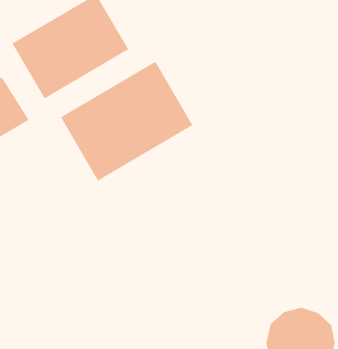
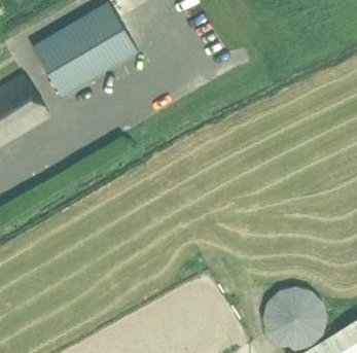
building: [60,61,193,182] -> none

